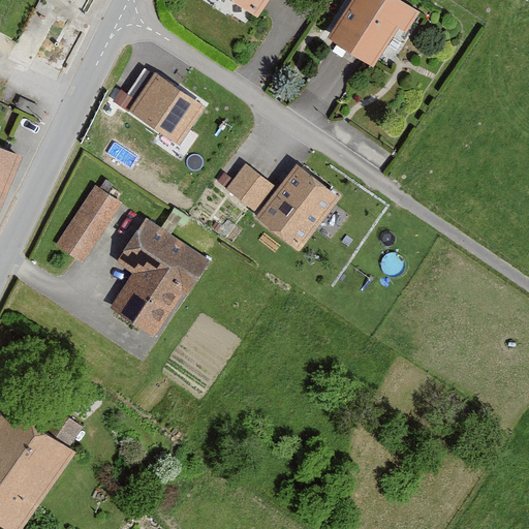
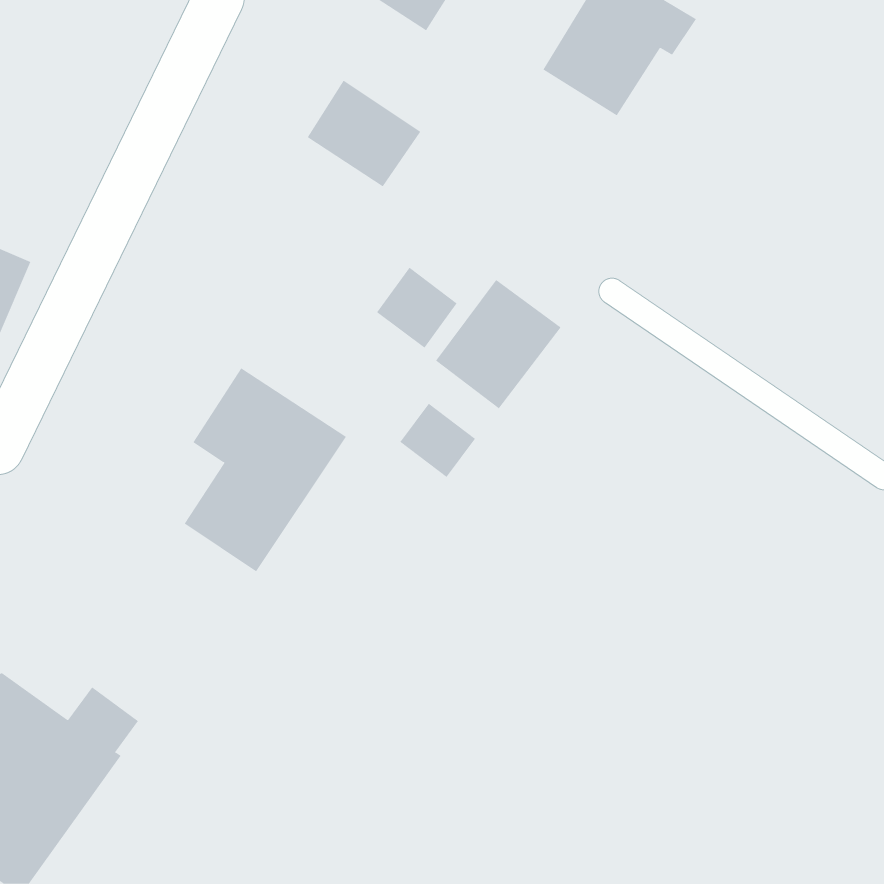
building: [132,73,200,137] -> [307,80,421,187]
building: [56,185,124,266] -> none
building: none -> [399,403,476,478]

